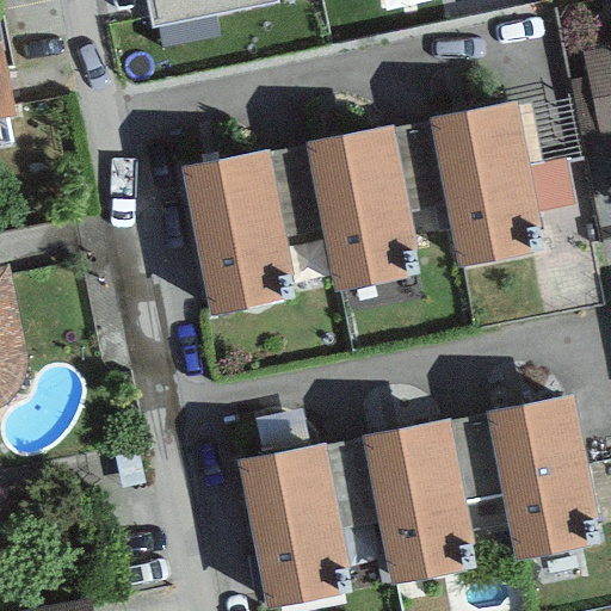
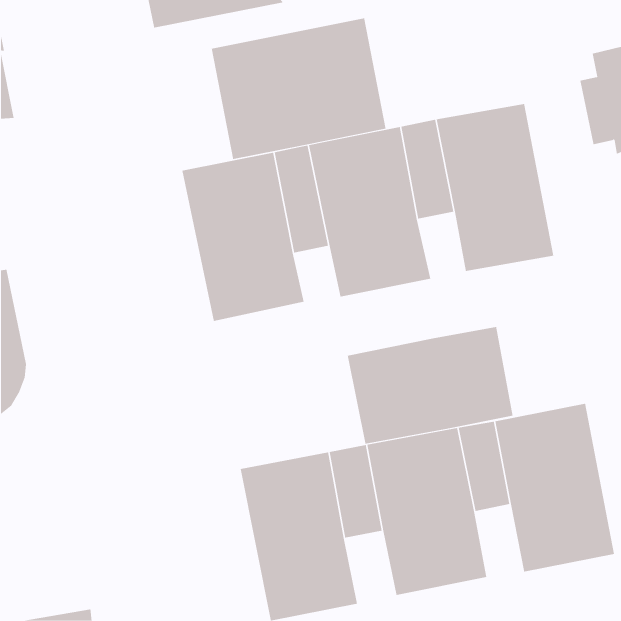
building: none -> [211,18,386,160]
building: none -> [347,326,513,444]

